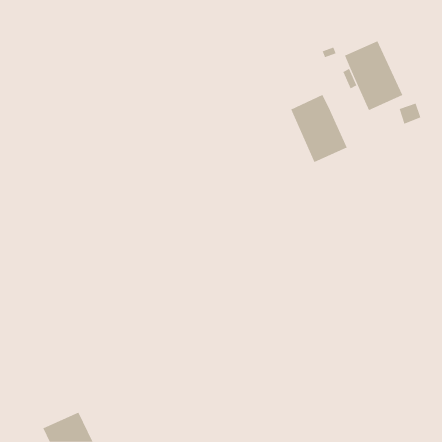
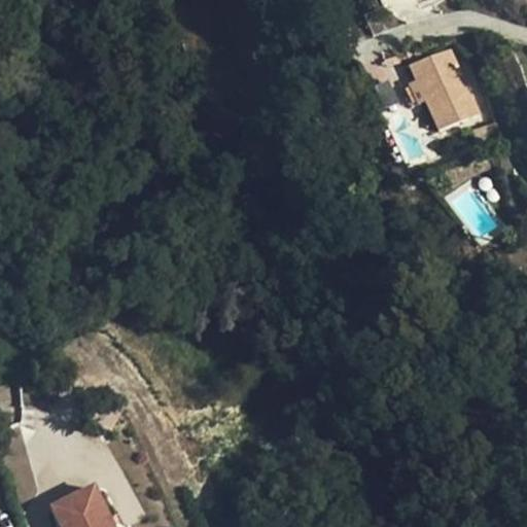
building: [291,94,347,163] -> none

